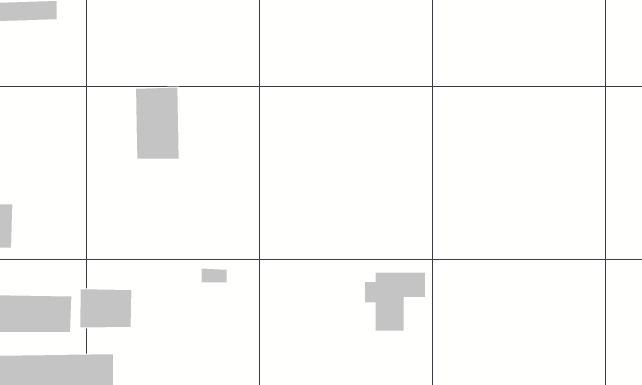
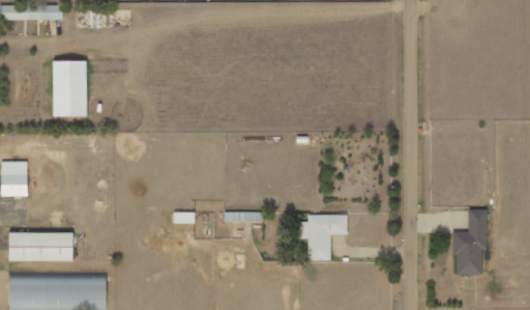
building: [135,87,179,159] -> [53,59,87,115]
building: none -> [452,208,487,274]
building: [80,289,132,328] -> none

